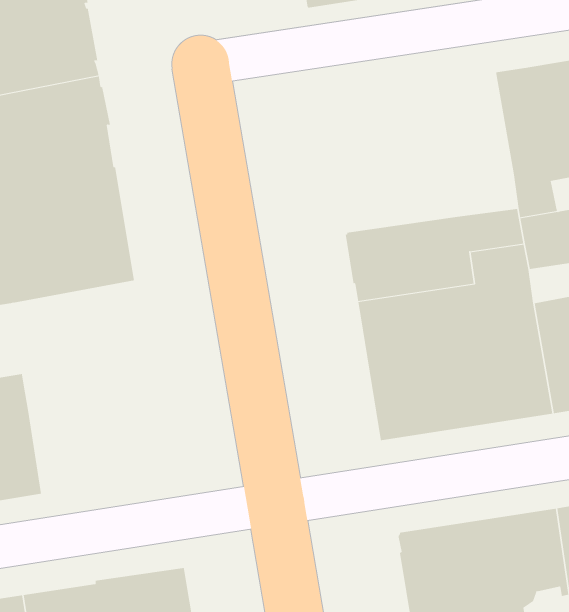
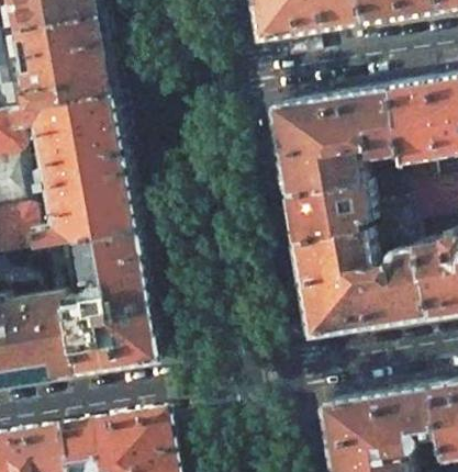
building: none -> [266,82,396,191]
building: none -> [54,224,159,370]

